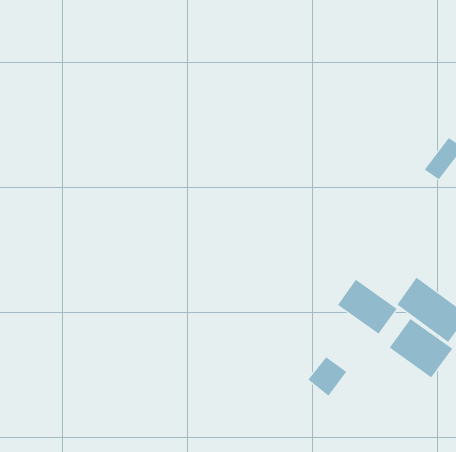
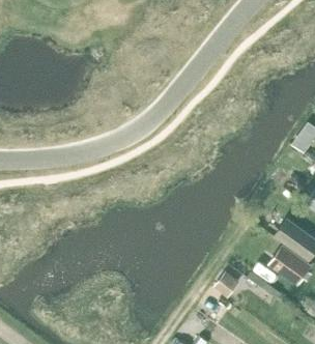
building: [337,279,397,335] -> none

